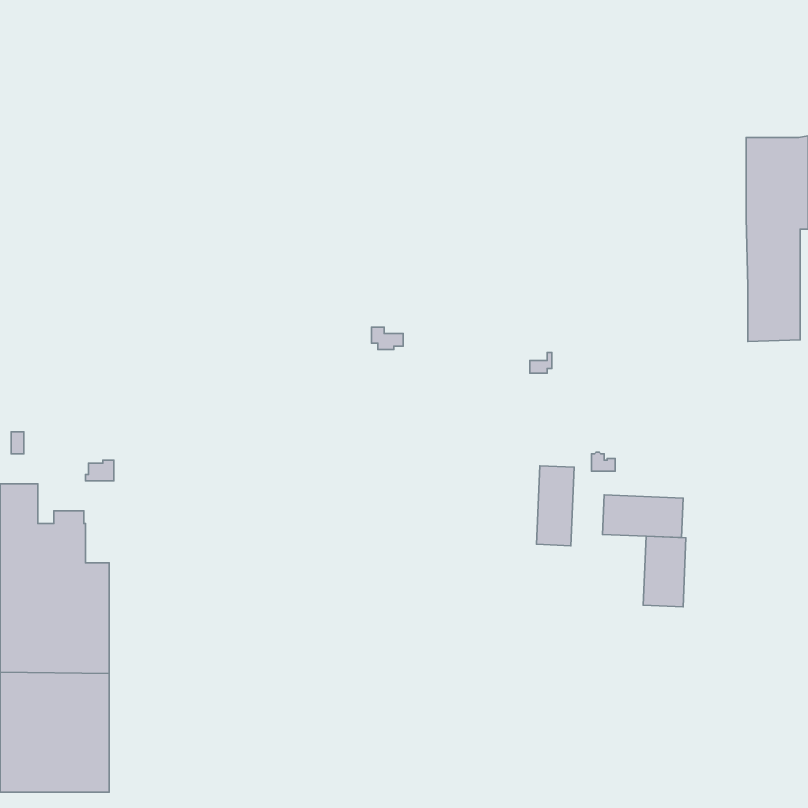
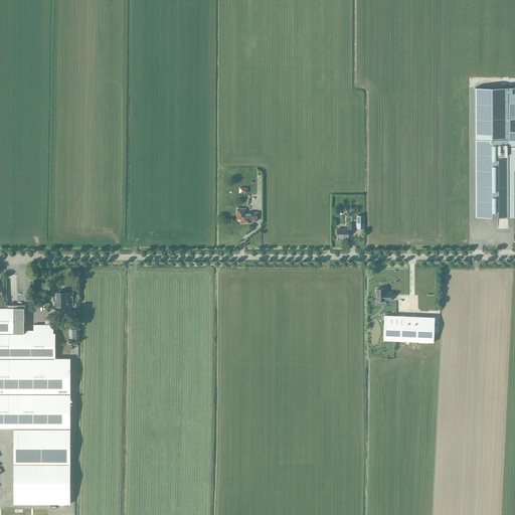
building: [537,466,574,546] -> none
building: [643,536,686,607] -> none

